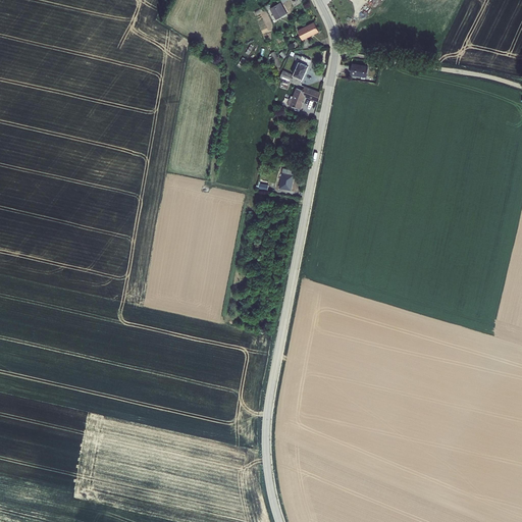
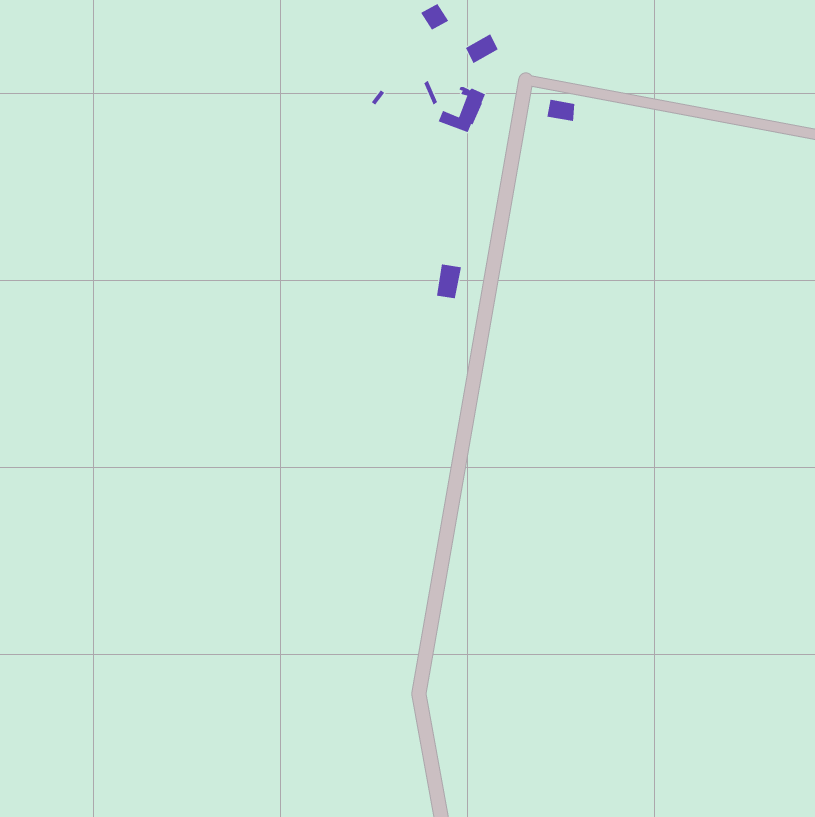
building: [286,86,320,109] -> none

